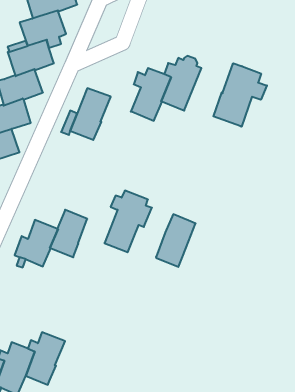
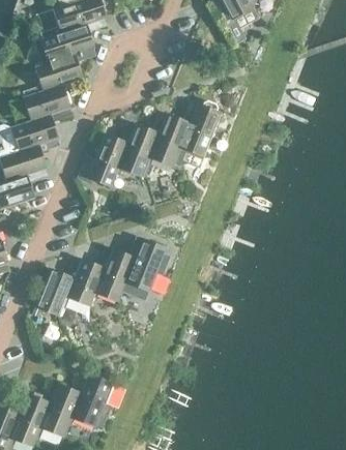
building: [213,63,267,127] -> none
building: none -> [118,124,160,178]
building: [156,214,196,267] -> [95,249,136,303]
building: none -> [71,373,113,428]

